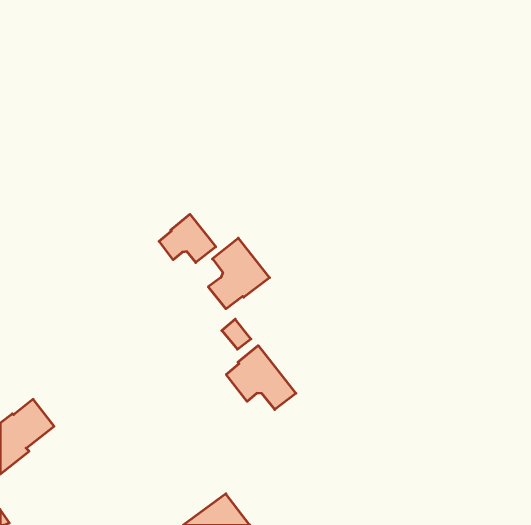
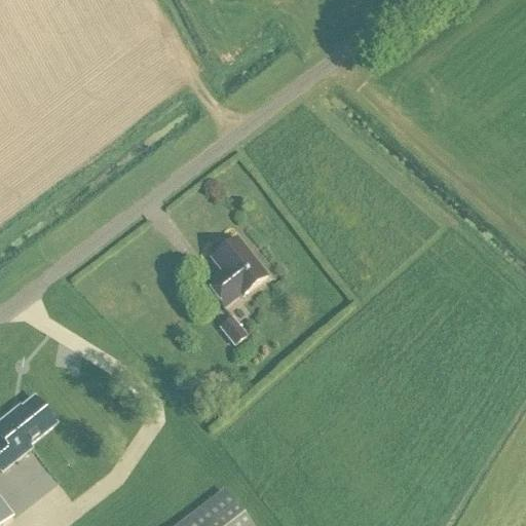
building: [159,214,216,263] -> none
building: [226,346,296,410] -> none

